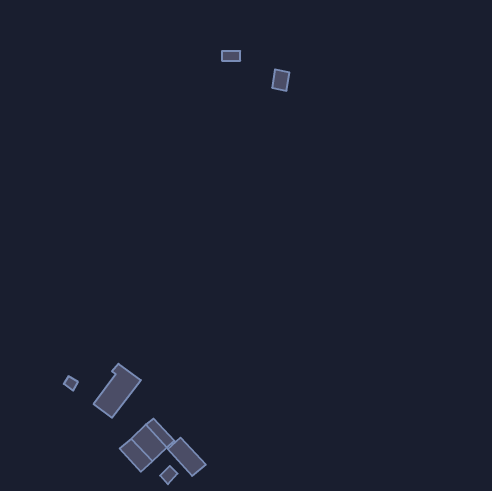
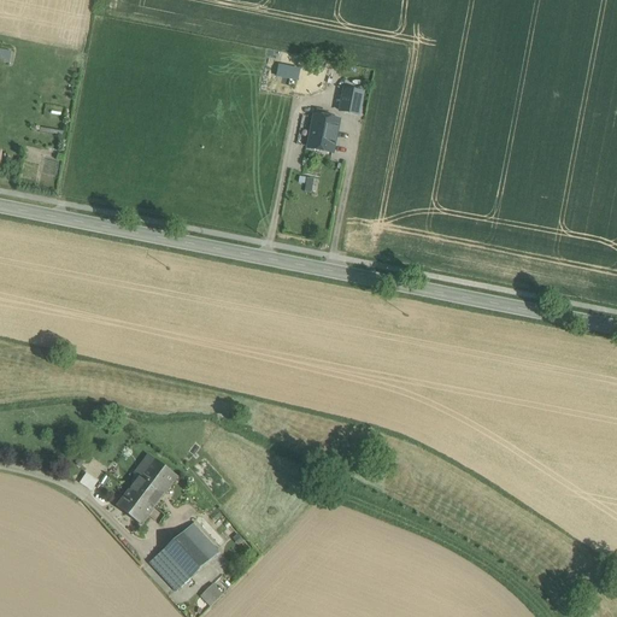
building: none -> [304,107,339,146]
building: [168,438,206,476] -> none

